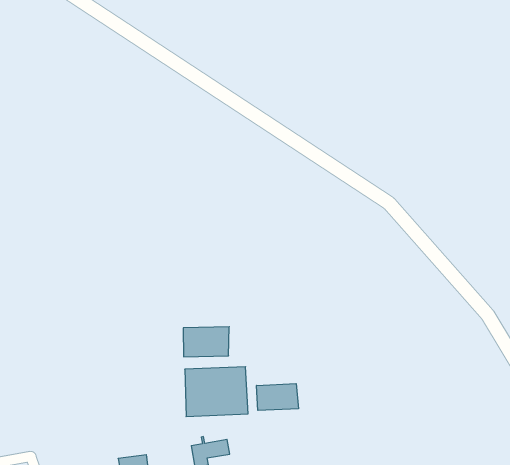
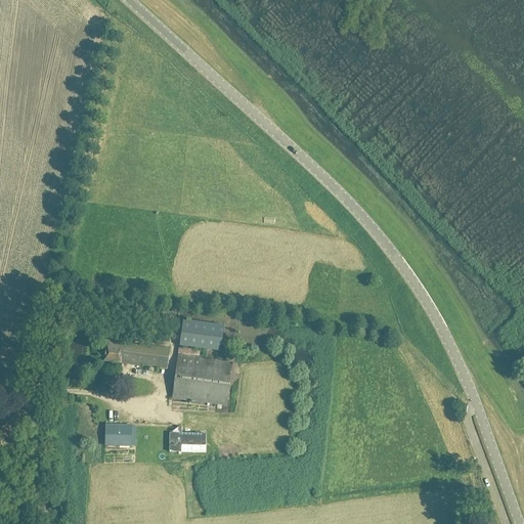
building: none -> [104,323,170,368]
building: [257,384,298,410] -> none

